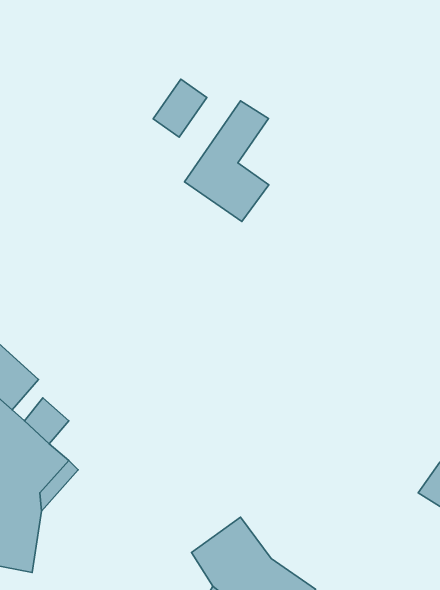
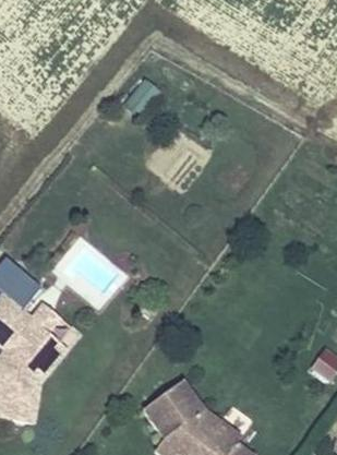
building: [184,101,269,222] -> none

